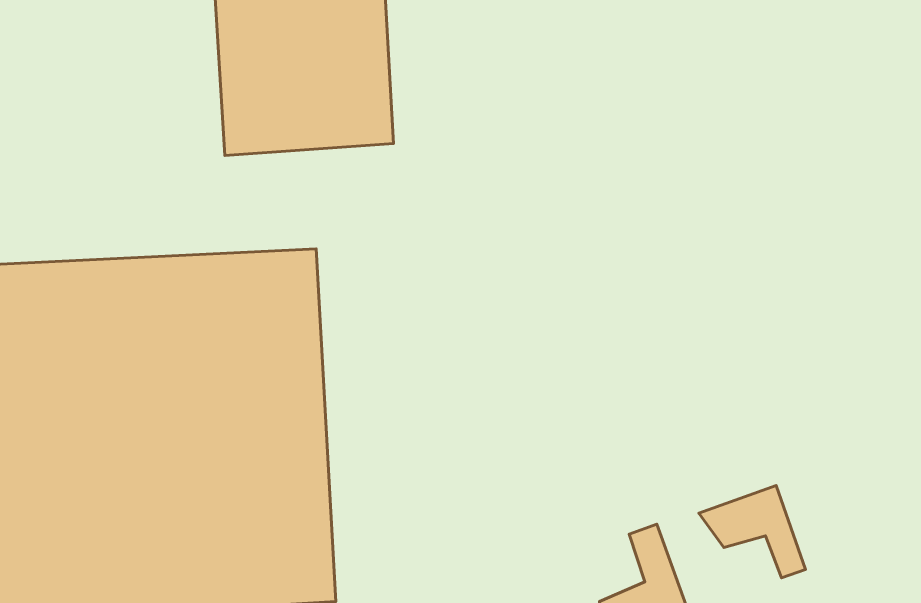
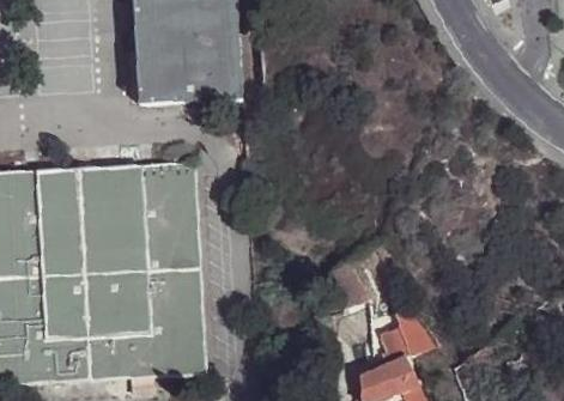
building: [699,486,806,578] -> none

